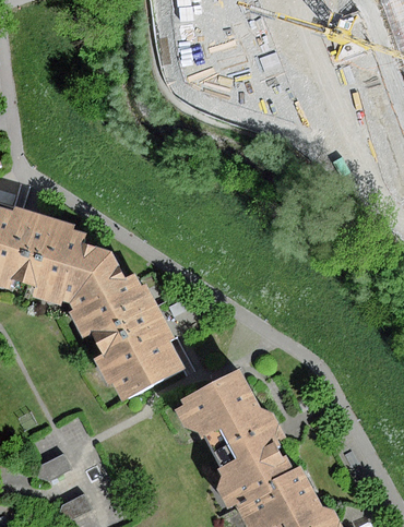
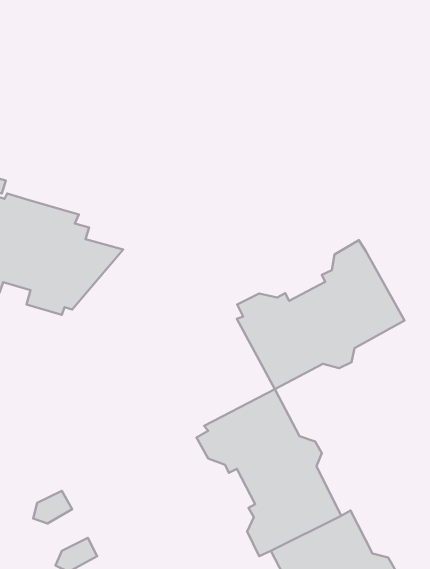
building: none -> [237,240,404,389]
building: [69,252,187,403] -> none

